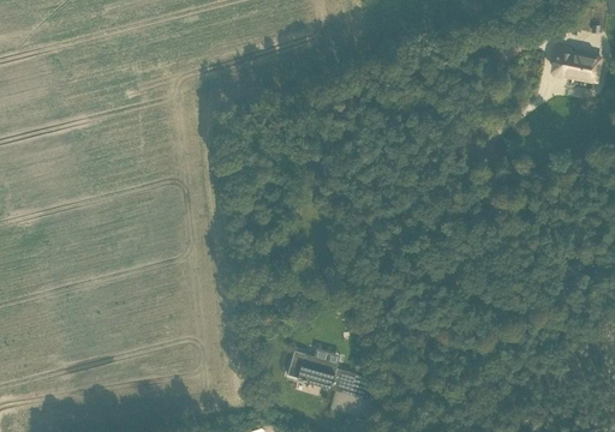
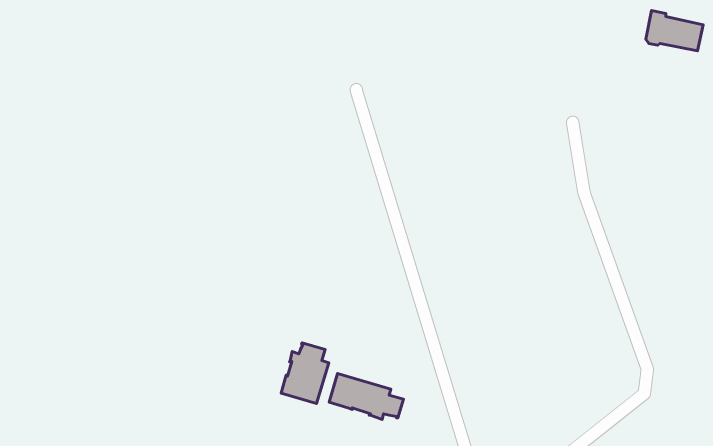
building: none -> [281,343,329,404]

